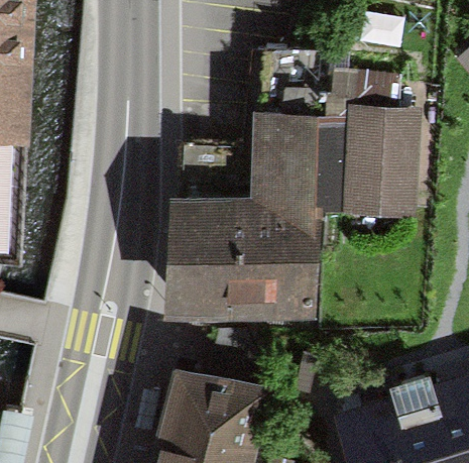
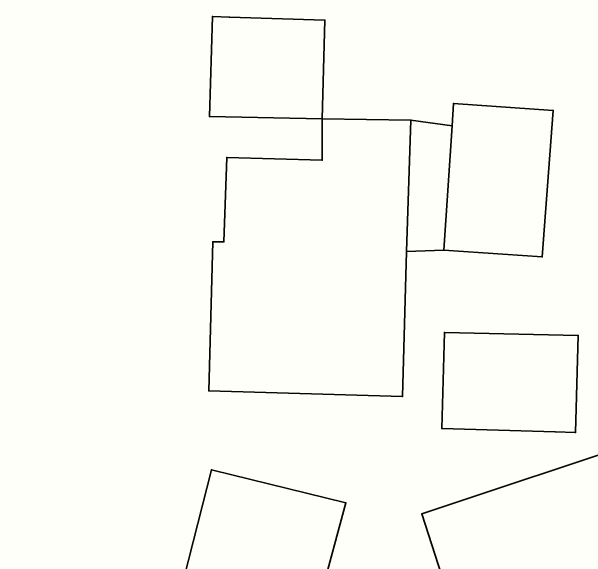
building: none -> [210,17,325,119]
building: none -> [442,333,578,433]

